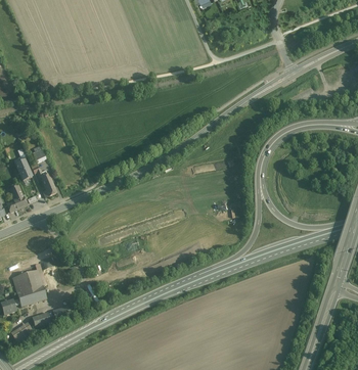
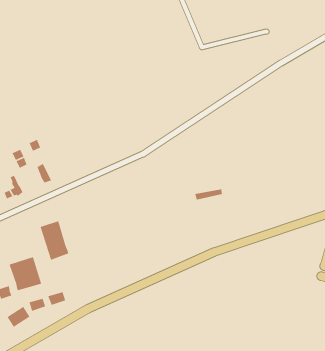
building: none -> [39,220,69,261]

